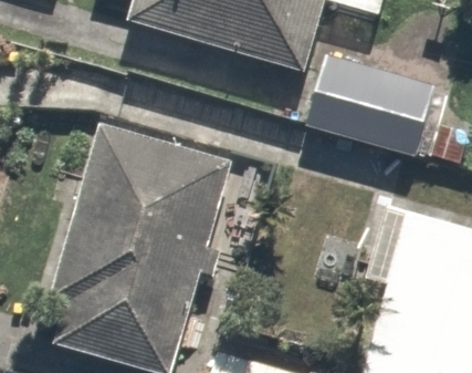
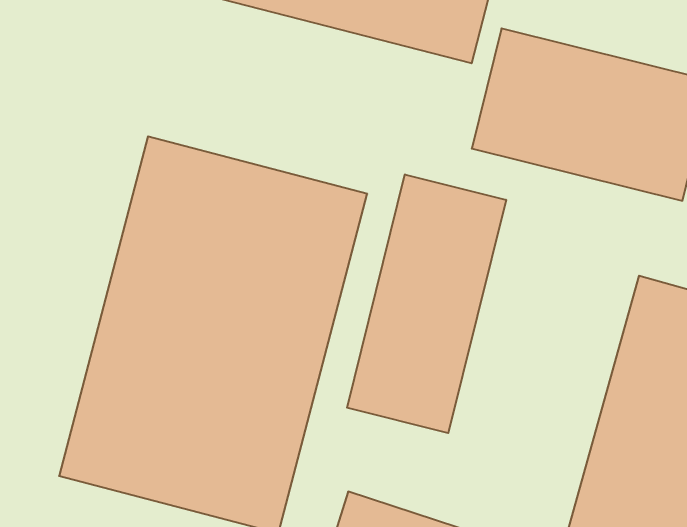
building: none -> [347,174,506,433]

